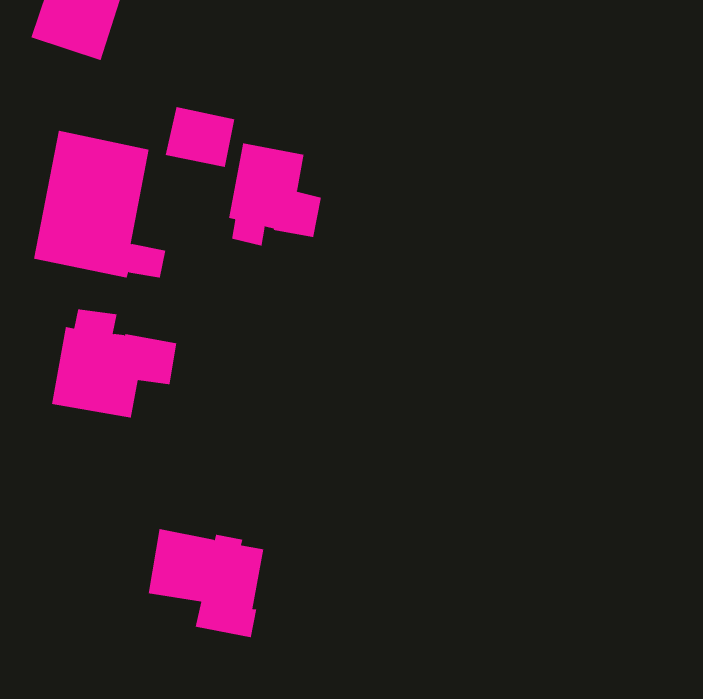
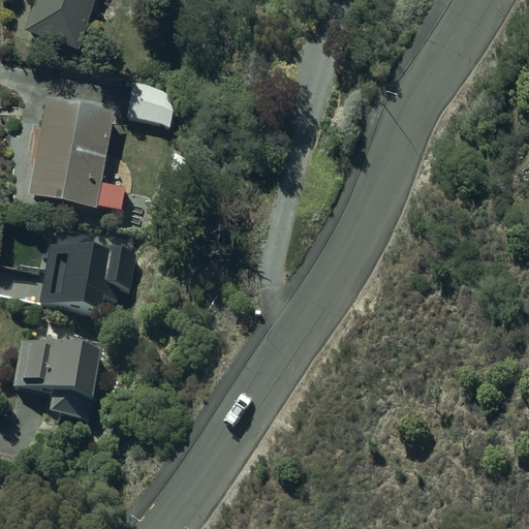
building: [228,142,321,246] -> none
building: [148,528,264,638] -> [13,337,100,418]

